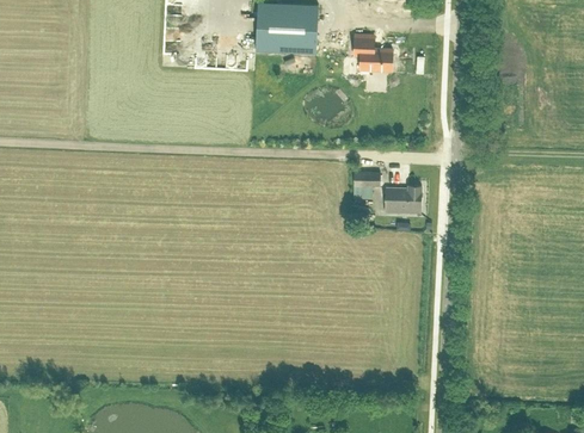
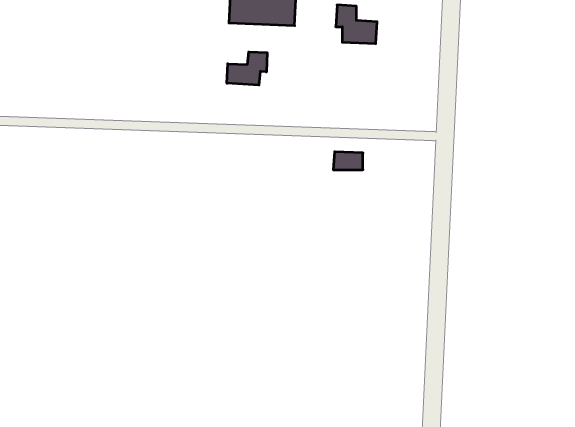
building: none -> [227,52,267,85]
building: [383,186,420,214] -> none

